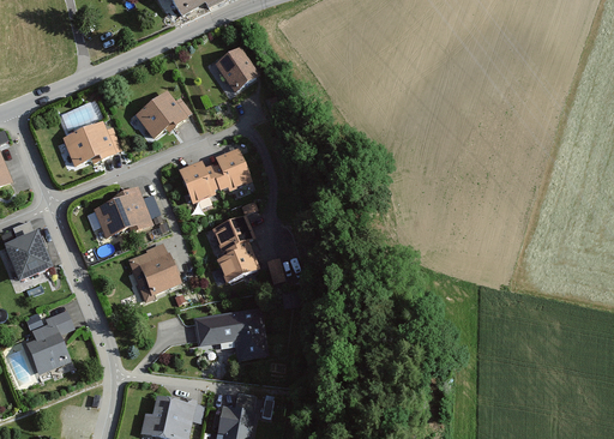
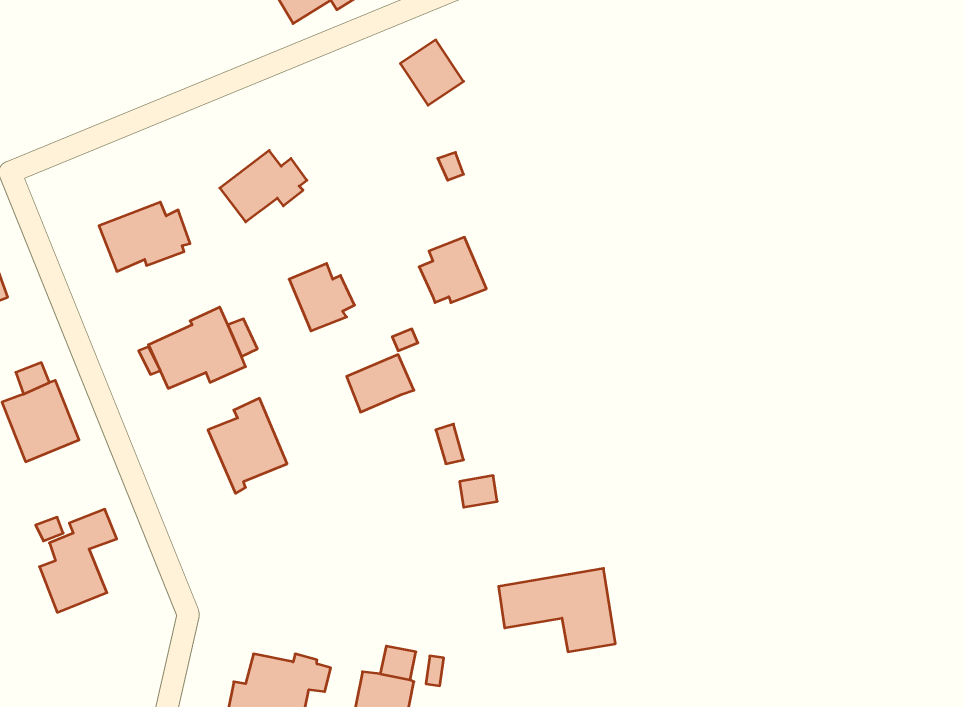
building: [217,49,255,89] -> [400,40,464,105]
building: [210,150,251,190] -> [419,237,486,303]
building: [217,240,259,282] -> none
building: [195,308,266,359] -> [499,568,615,652]

